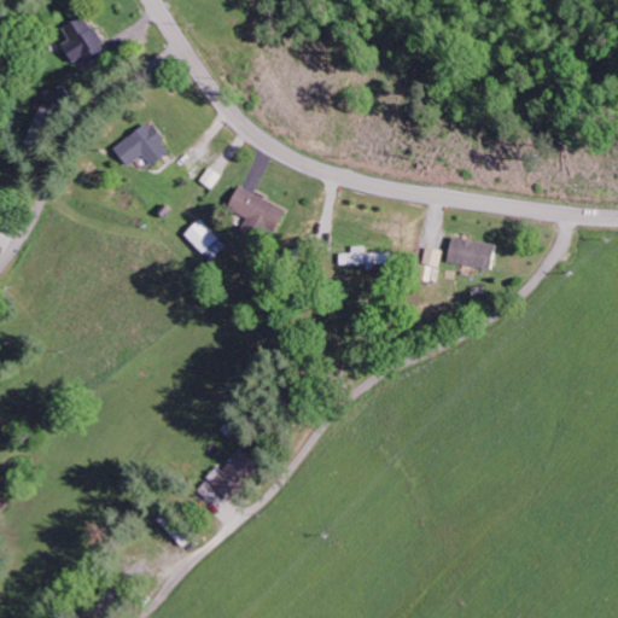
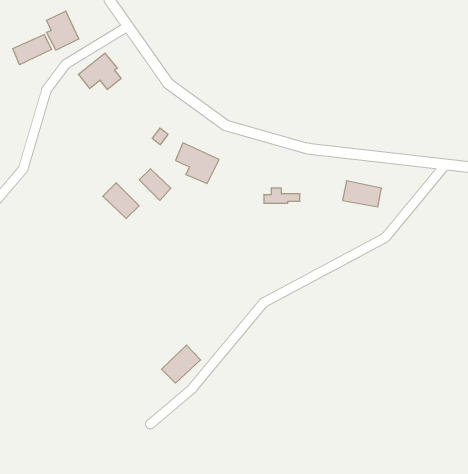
building: none -> [13,34,51,65]
building: [112,119,168,167] -> [78,53,121,89]
building: none -> [103,183,139,219]

